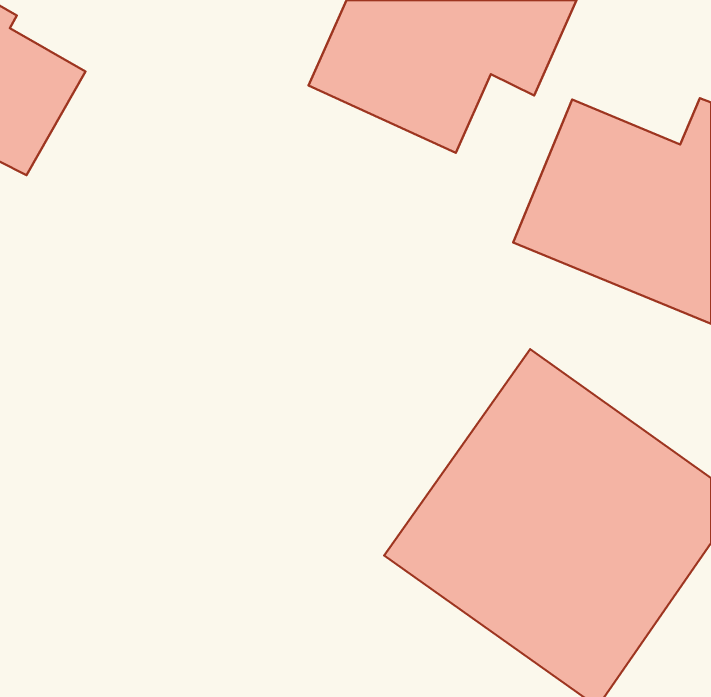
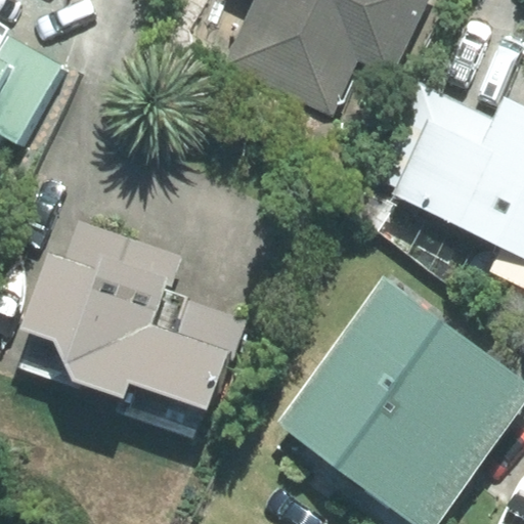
building: none -> [24,246,232,402]

